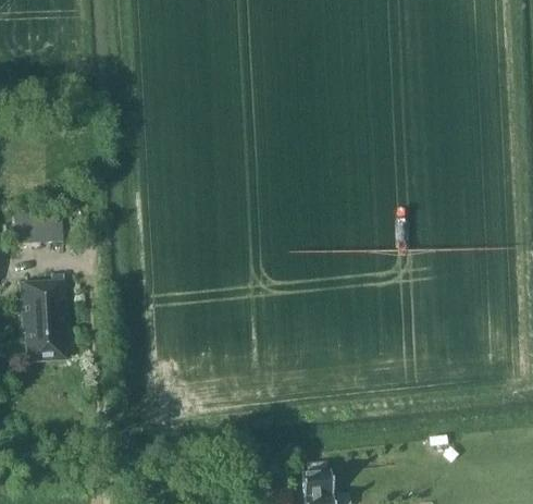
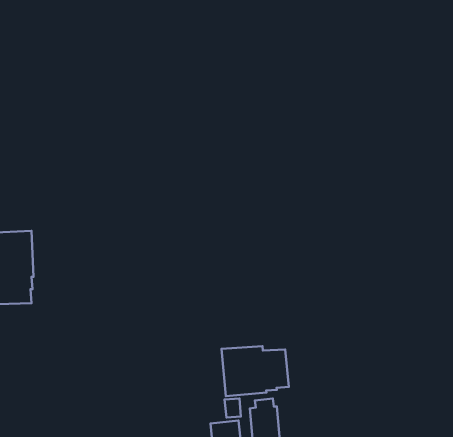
building: [37,211,62,242] -> none
building: none -> [222,346,289,396]

